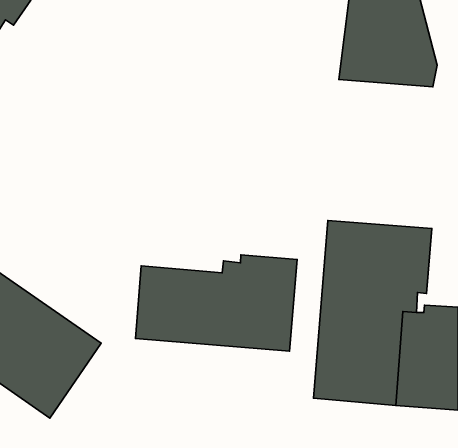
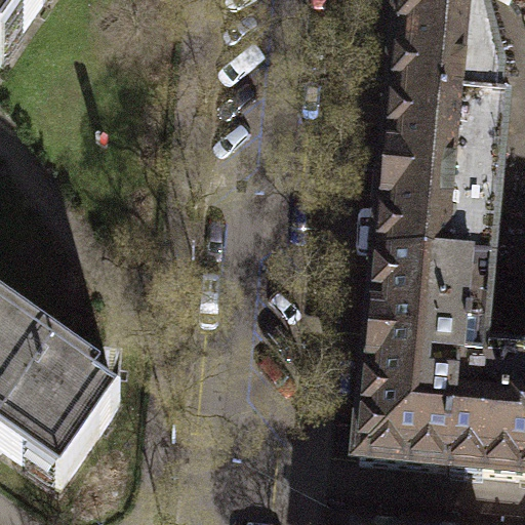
building: none -> [372,90,502,259]
building: [136,255,297,351] -> none

